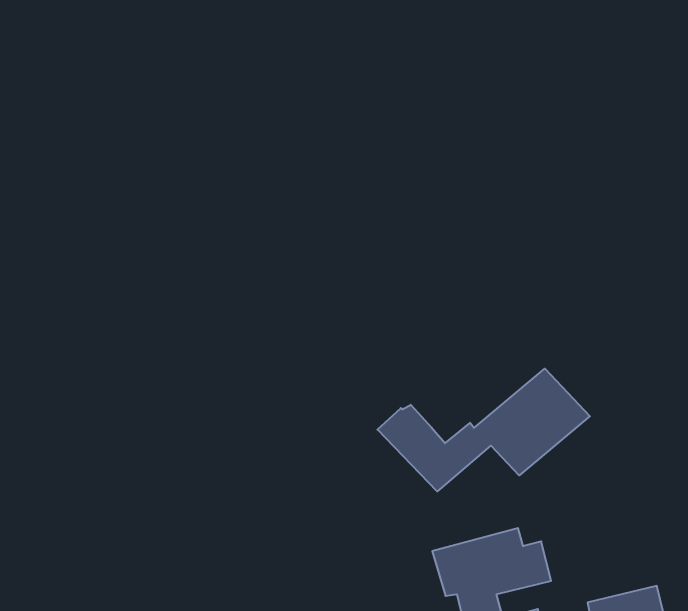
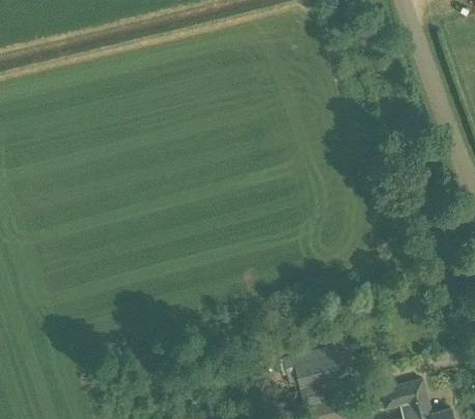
building: [377,369,590,491] -> none

